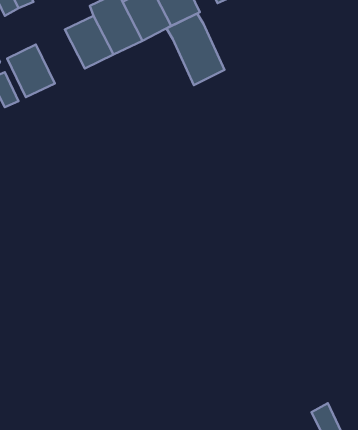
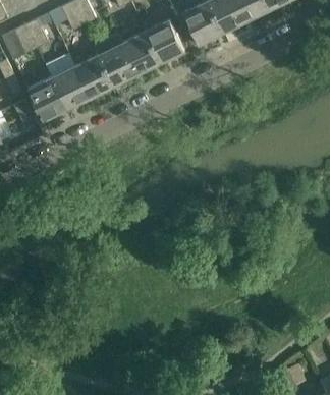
building: [166,13,225,85] -> none
building: none -> [50,65,90,109]

